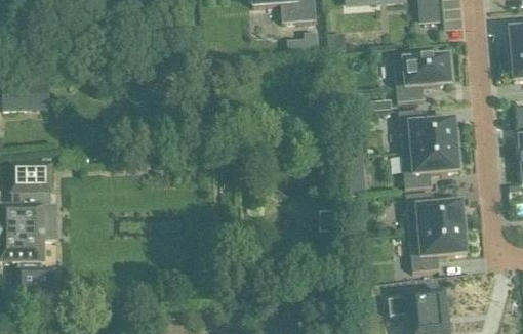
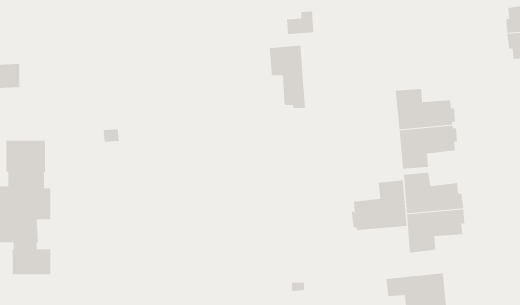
building: [394,56,452,102] -> none
building: none -> [269,45,306,109]
building: none -> [351,179,407,231]

